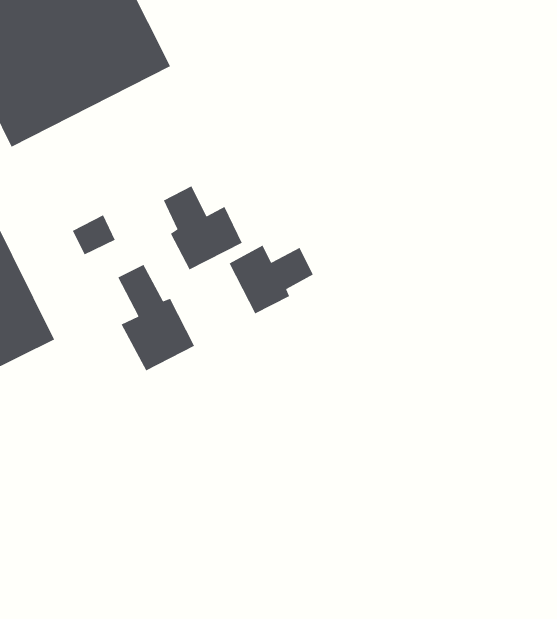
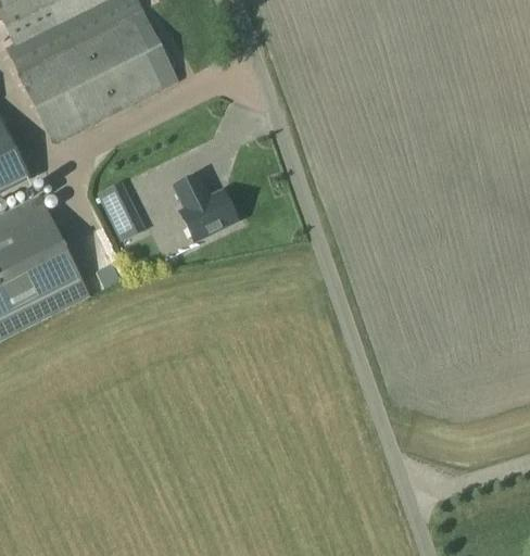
building: [229,244,314,314] -> none
building: [117,264,195,371] -> none

